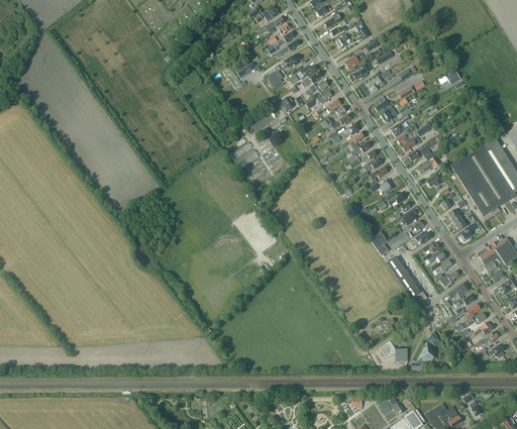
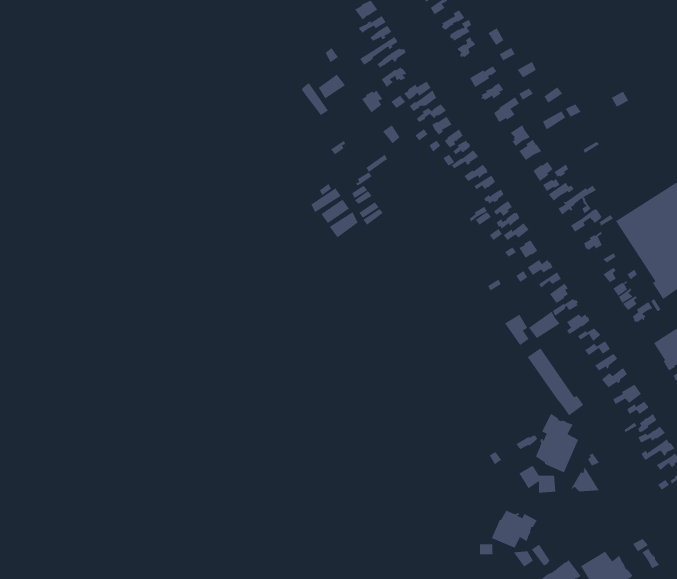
building: none -> [535,413,579,473]
building: none -> [491,510,537,549]

